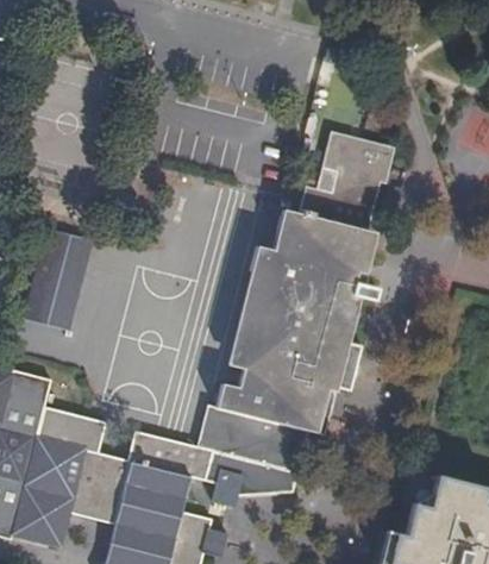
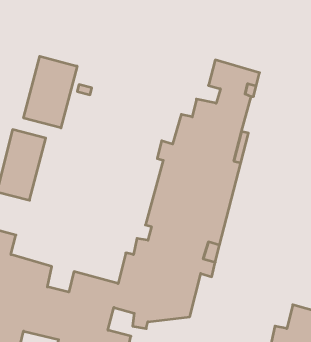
building: none -> [24,56,77,128]

